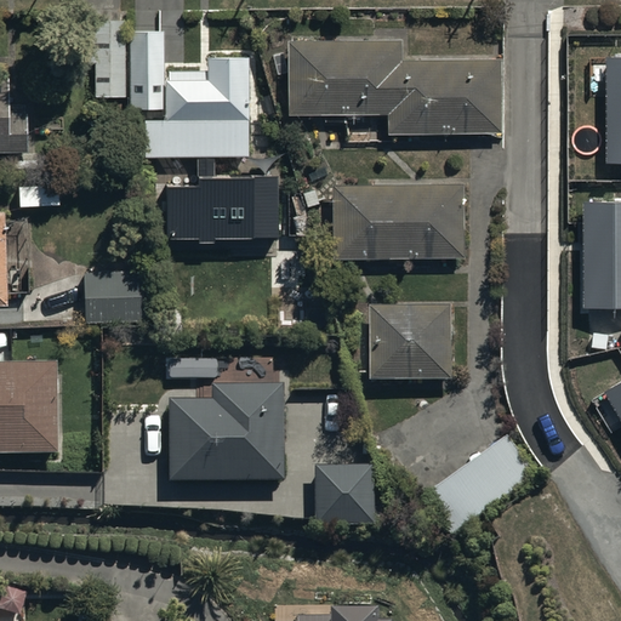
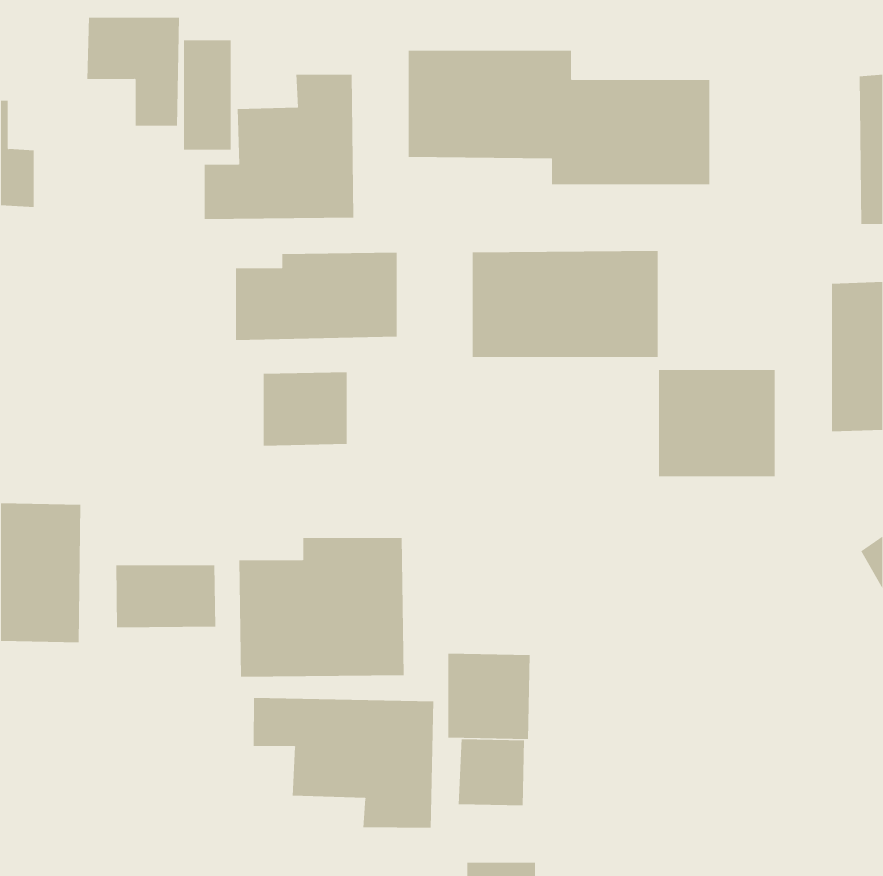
building: [84,268,143,320] -> [263,372,347,446]
building: [370,304,452,380] -> [658,370,776,477]
building: none -> [116,564,216,628]
building: none -> [253,697,434,829]
building: none -> [458,738,524,806]

